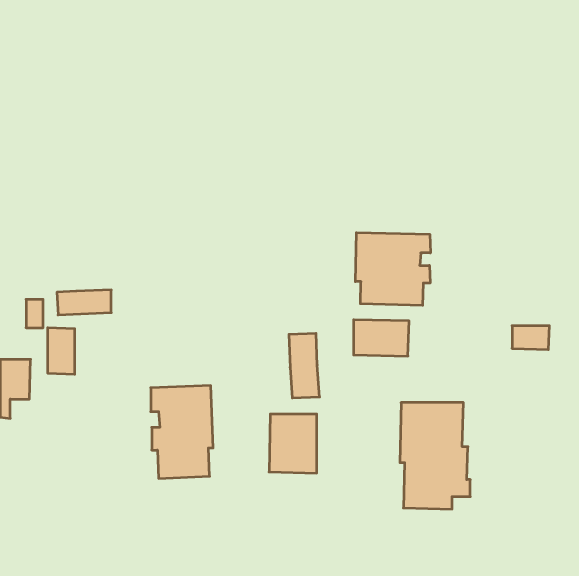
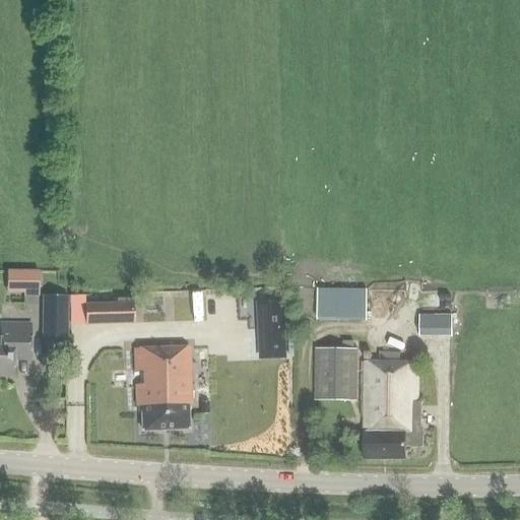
building: [355,233,430,305] -> none
building: [57,290,111,315] -> [84,301,133,323]
building: [512,326,549,350] -> [417,313,451,334]
building: [269,414,317,473] -> [312,345,354,398]

